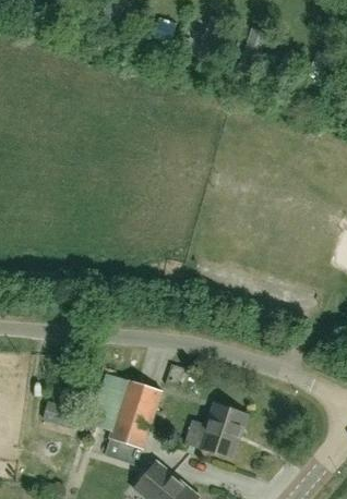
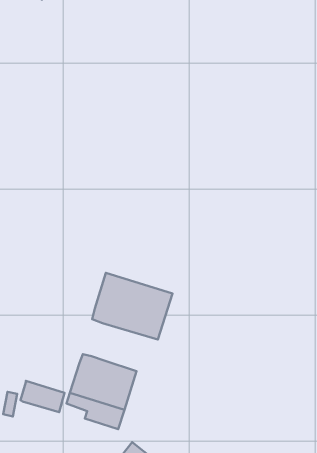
building: none -> [92,273,173,339]
building: [200,404,247,459] -> none

